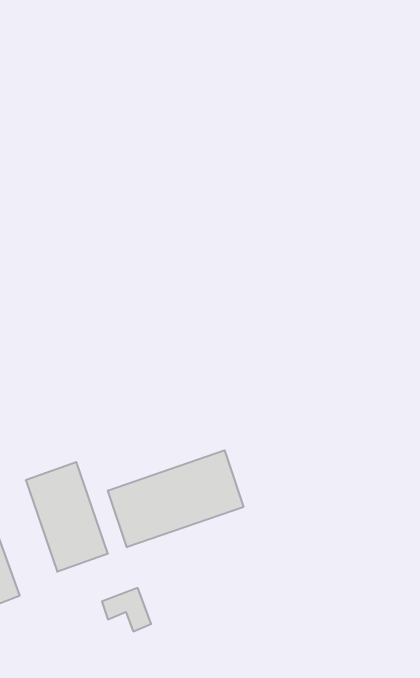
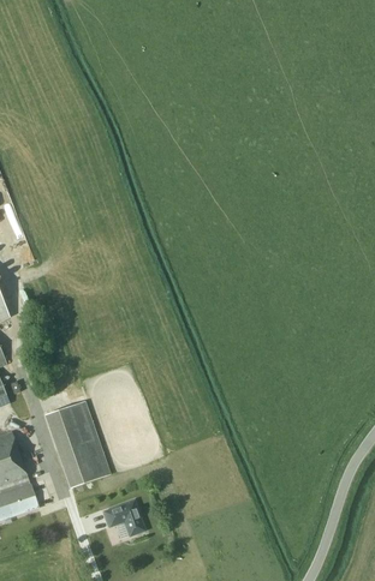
building: [108,450,243,547] -> none

